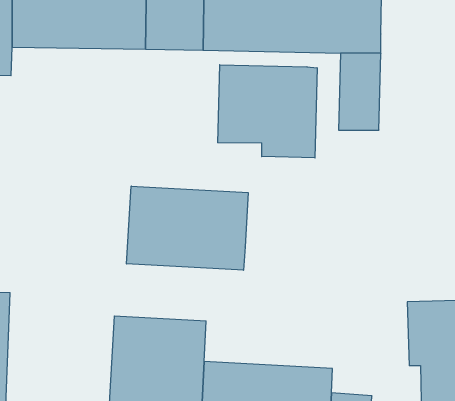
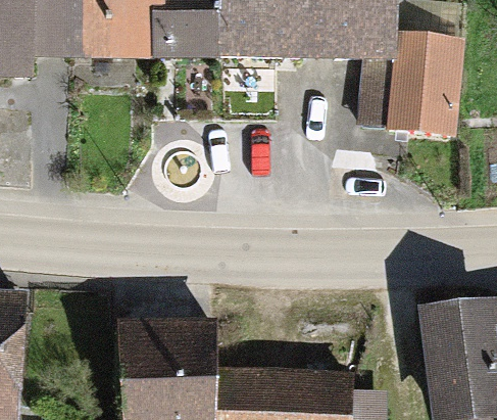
building: none -> [395,39,455,137]
building: [218,65,317,158] -> none
building: [127,186,248,270] -> none

